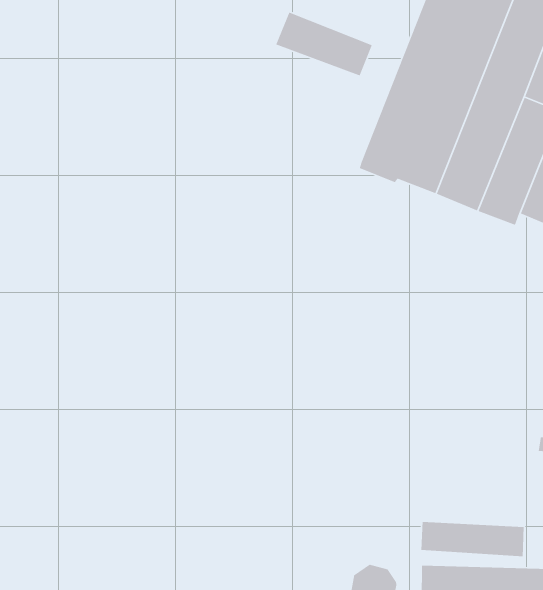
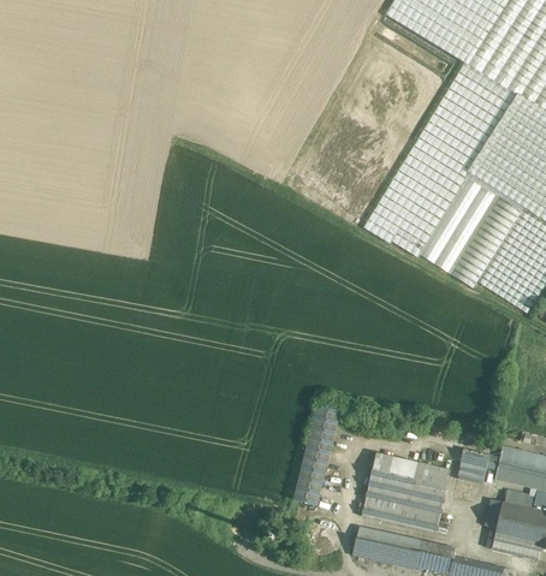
building: [275,12,373,77] -> none
building: none -> [293,405,339,505]
building: none -> [367,452,453,513]

